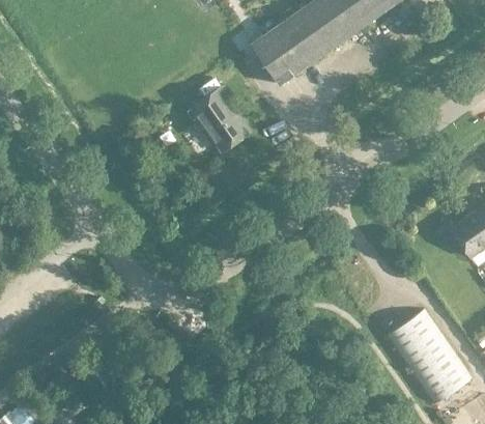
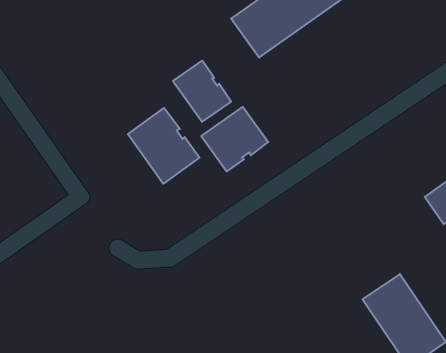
building: none -> [201,107,268,171]
building: none -> [128,108,199,184]

